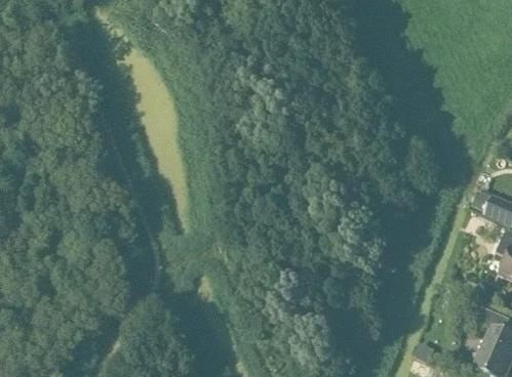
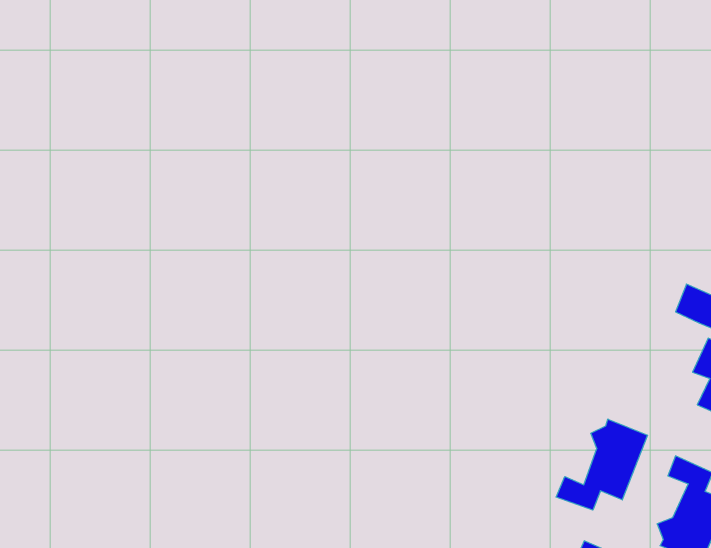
building: none -> [556,419,648,510]

